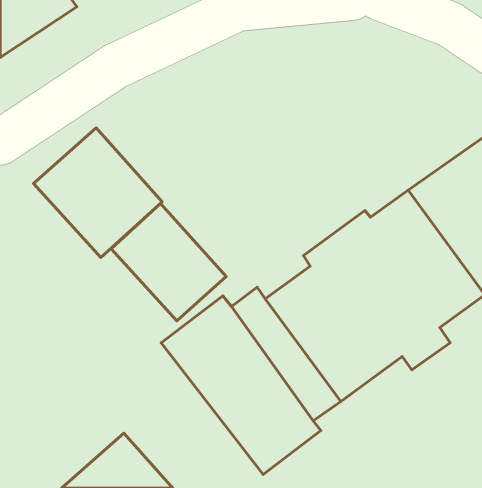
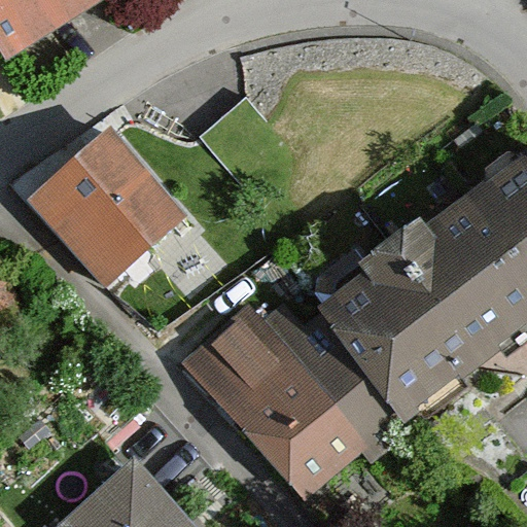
building: [111,203,226,321] -> none

